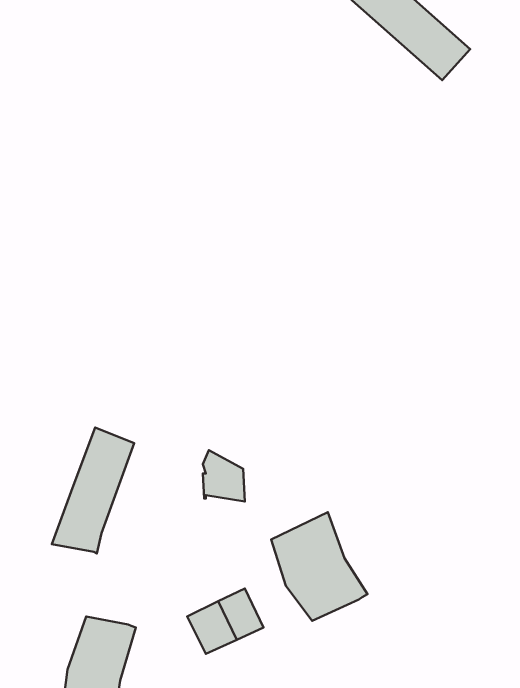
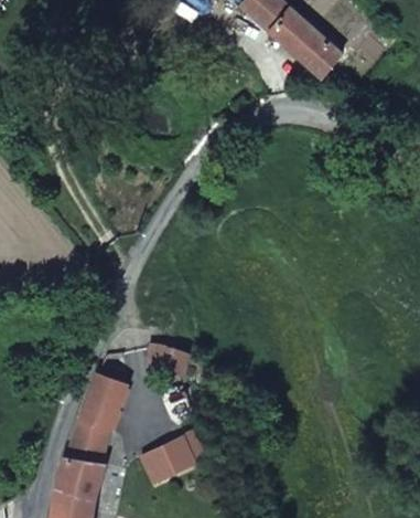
building: [52,428,134,554] -> [68,373,127,463]
building: [271,512,367,621] -> none

